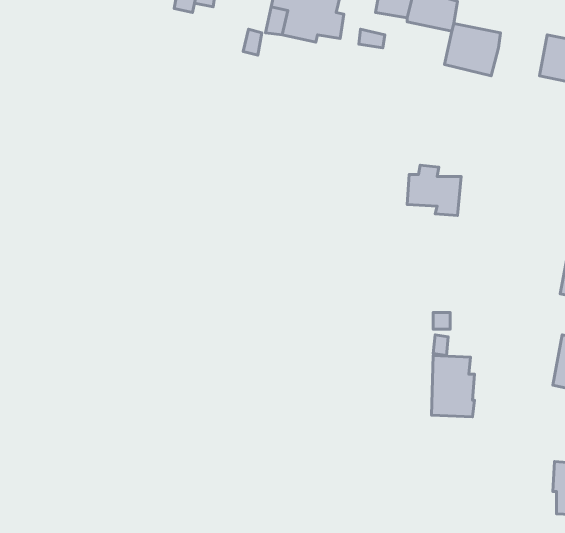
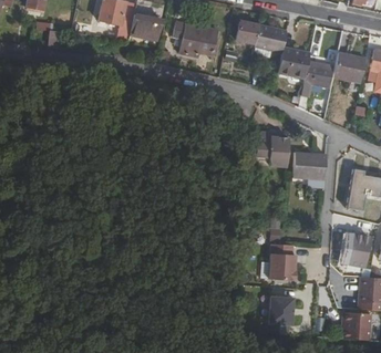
building: none -> [301,61,332,97]
building: none -> [292,149,326,186]
building: none -> [268,295,292,323]

